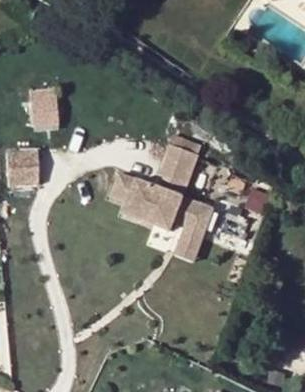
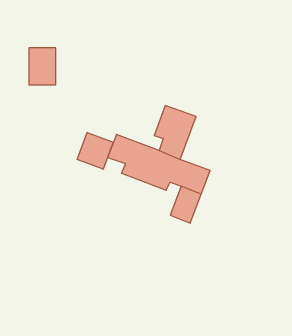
building: [8,145,43,184] -> none
building: none -> [77,132,113,169]

